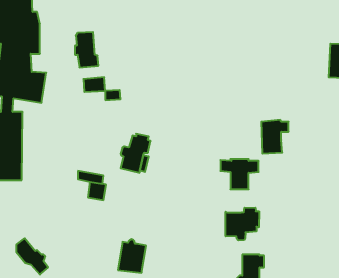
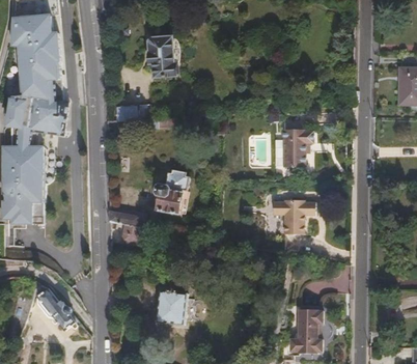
building: [75,32,98,67] -> [149,37,176,78]
building: [261,120,289,154] -> [276,130,307,168]
building: [226,208,259,240] -> none

